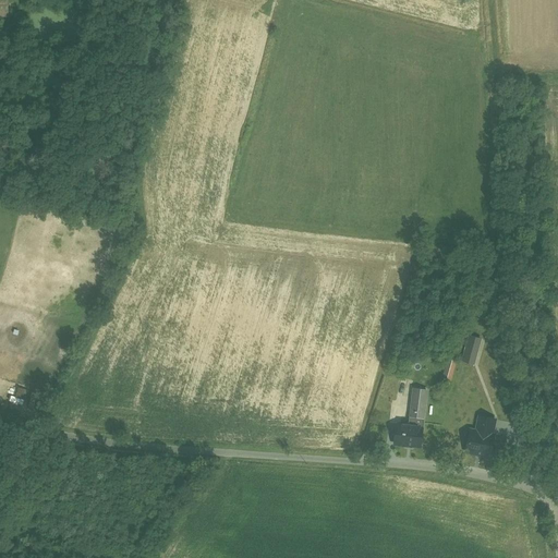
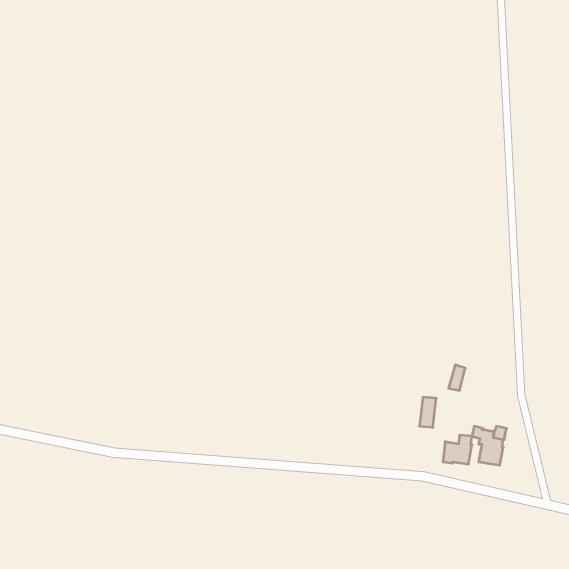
building: [393,416,422,445] -> [443,435,472,464]

